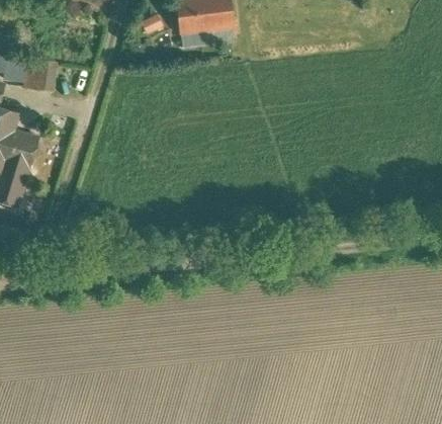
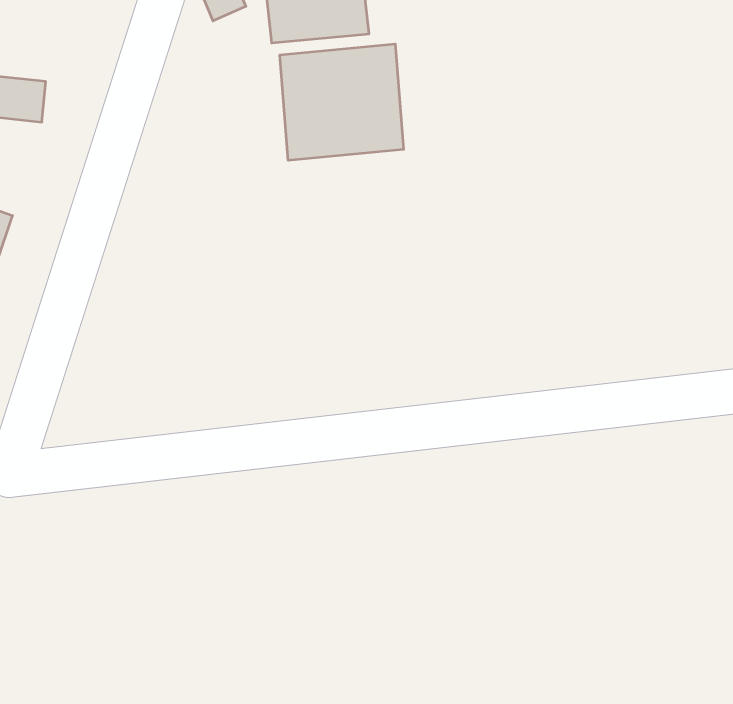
building: none -> [280,44,404,160]

